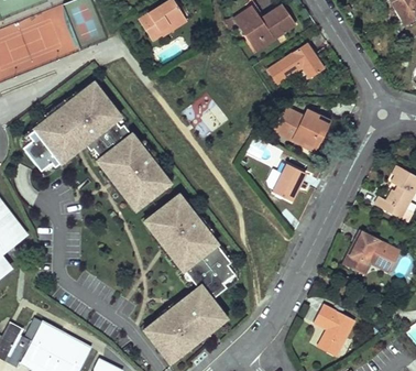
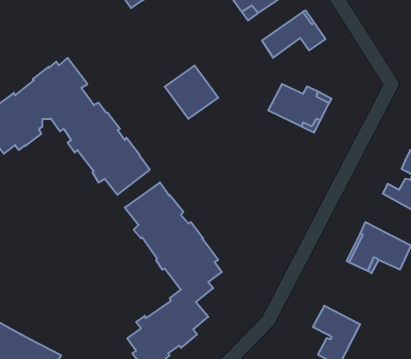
building: [266,163,305,200] -> none

